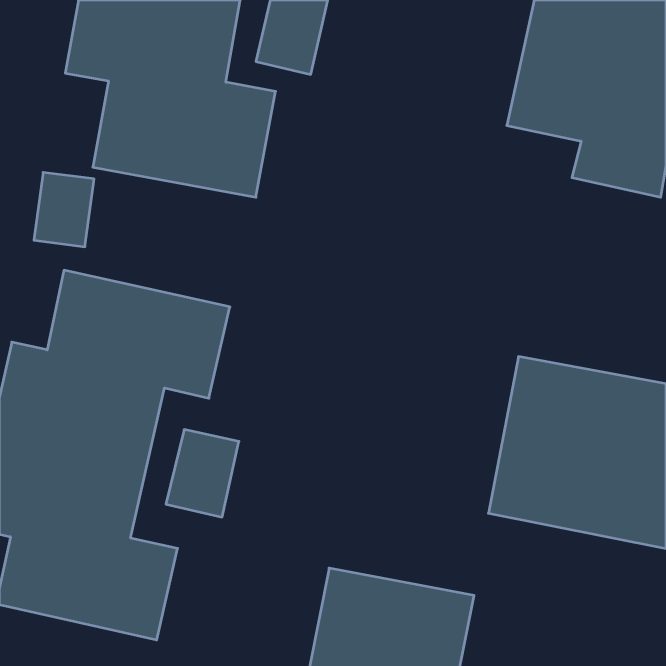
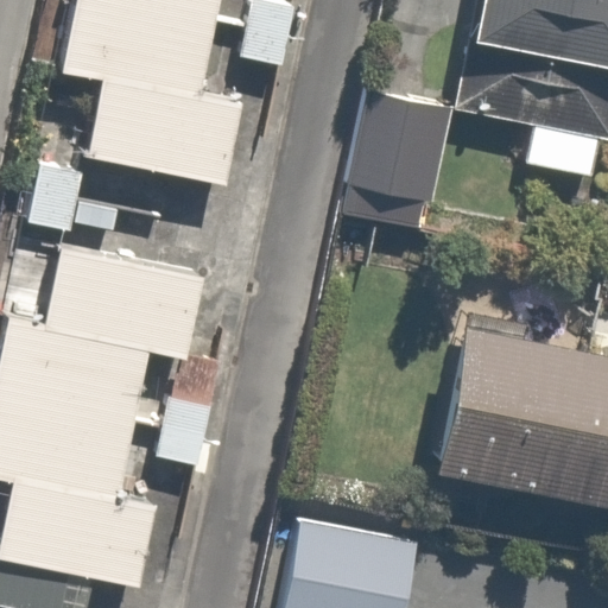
building: none -> [343,88,449,223]

